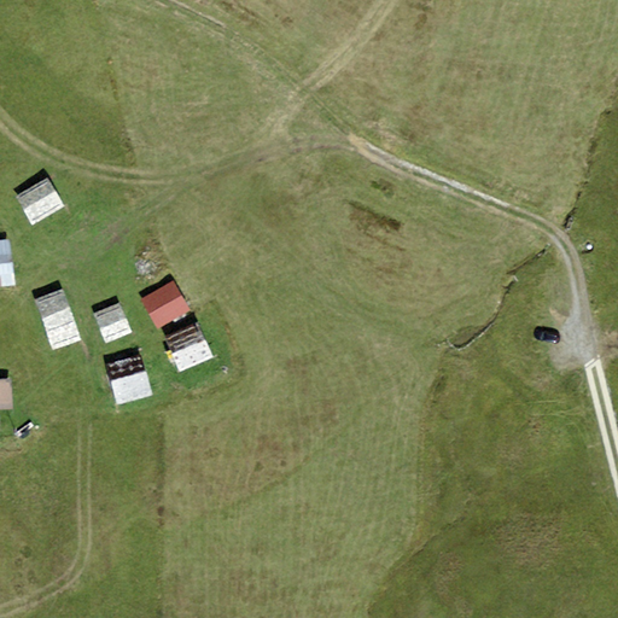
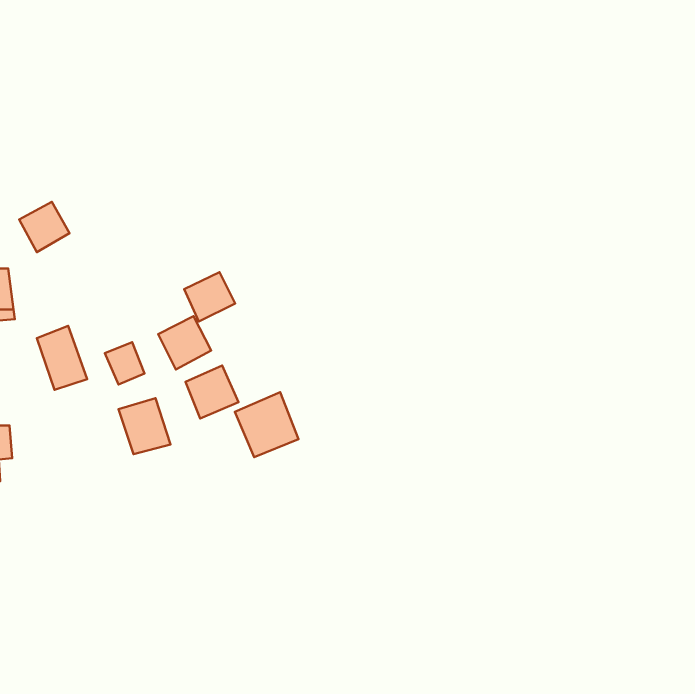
building: none -> [184,272,235,322]
building: none -> [235,392,299,457]

